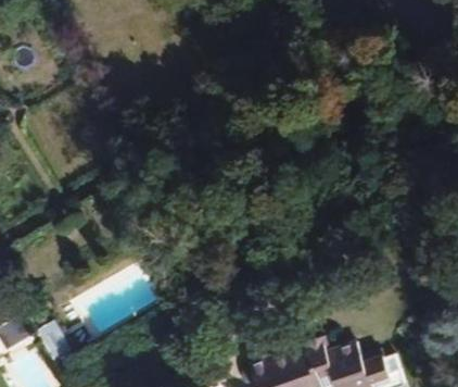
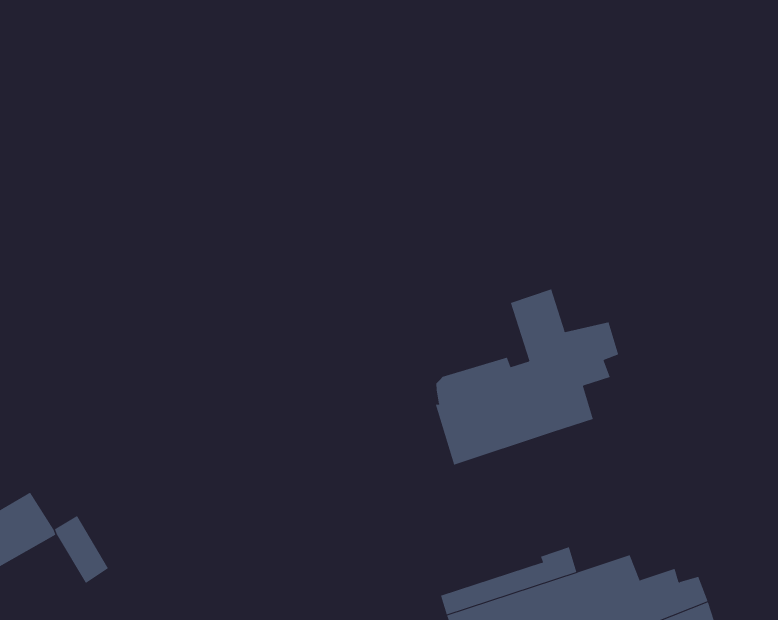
building: none -> [435,288,619,466]

